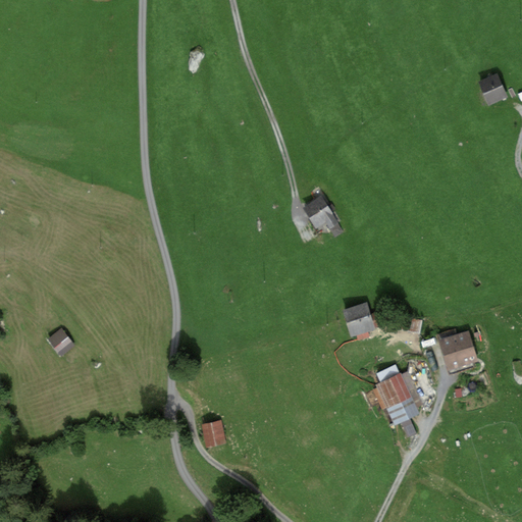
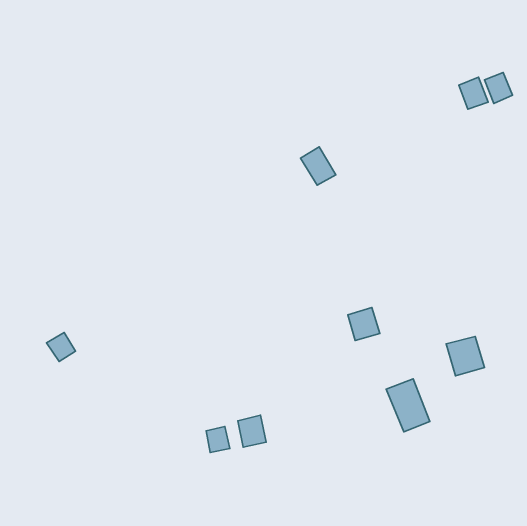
building: none -> [459,77,488,109]
building: [301,194,335,231] -> [301,147,336,185]
building: none -> [238,415,266,447]

